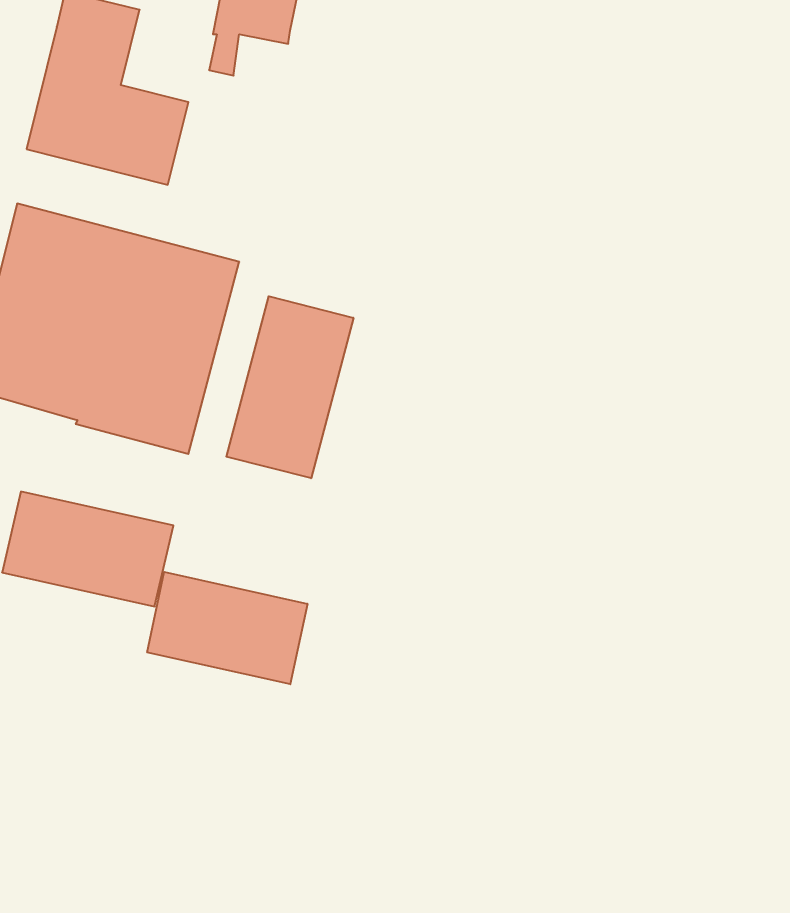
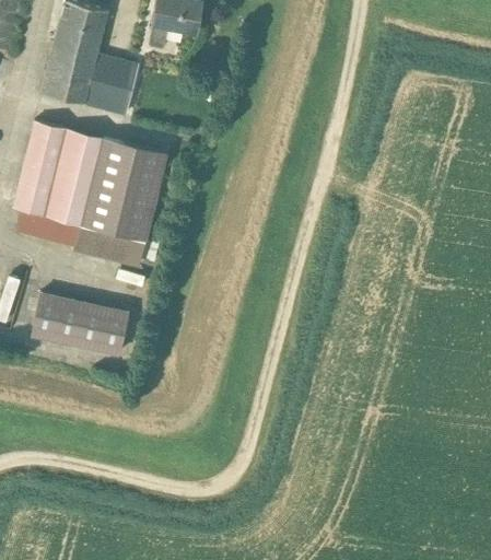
building: [226,296,353,478] -> none
building: [147,572,307,684] -> none

